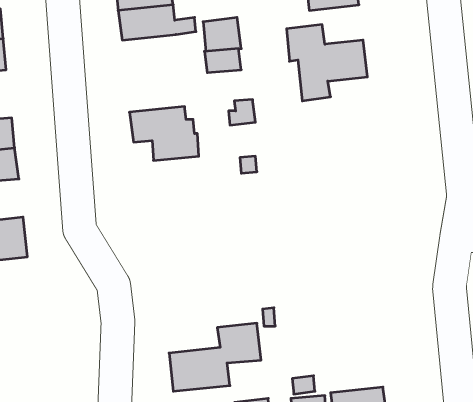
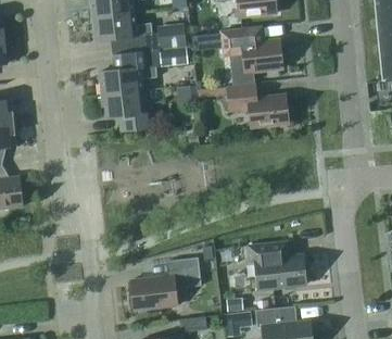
building: none -> [98,49,156,96]
building: none -> [226,84,288,127]
building: none -> [248,241,302,289]

